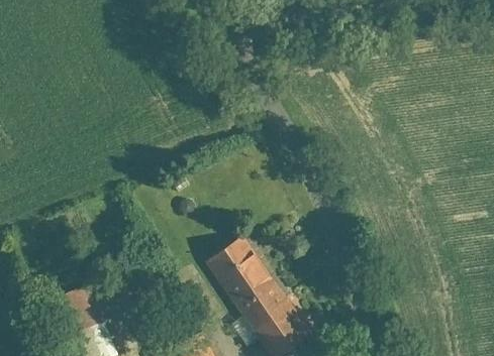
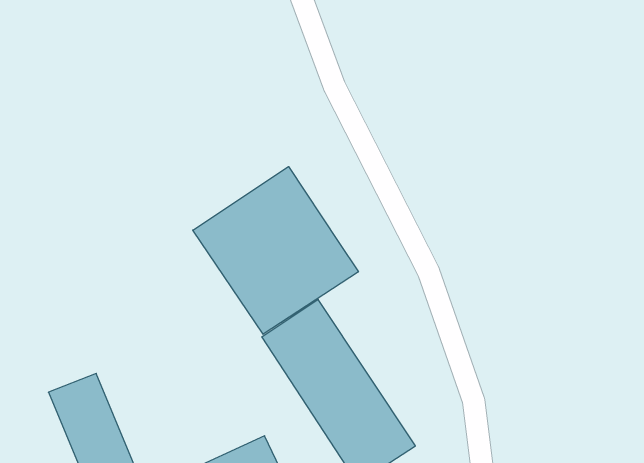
building: none -> [193,167,358,334]

